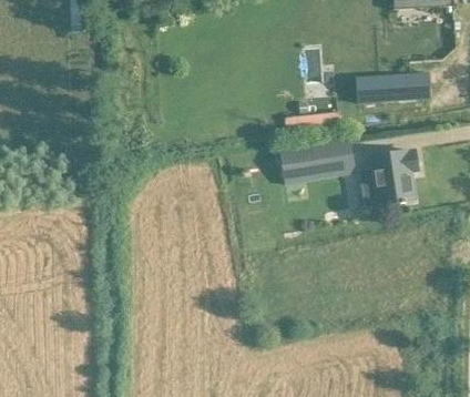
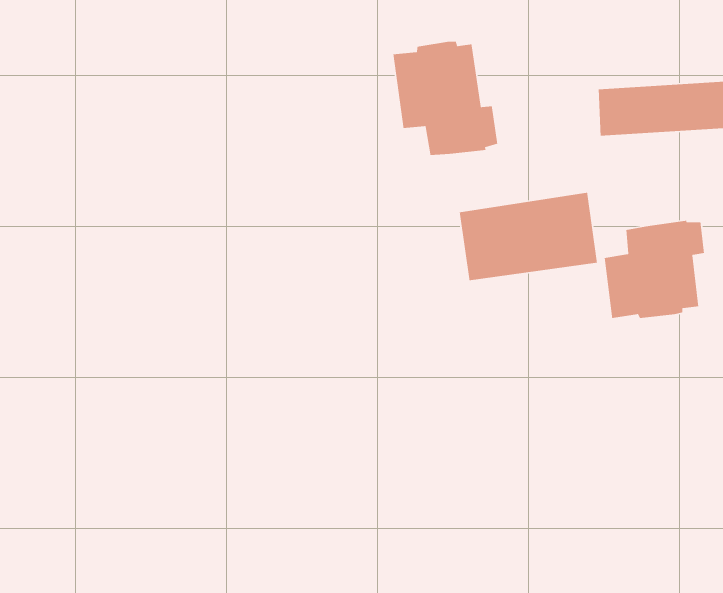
building: none -> [393,41,498,156]

